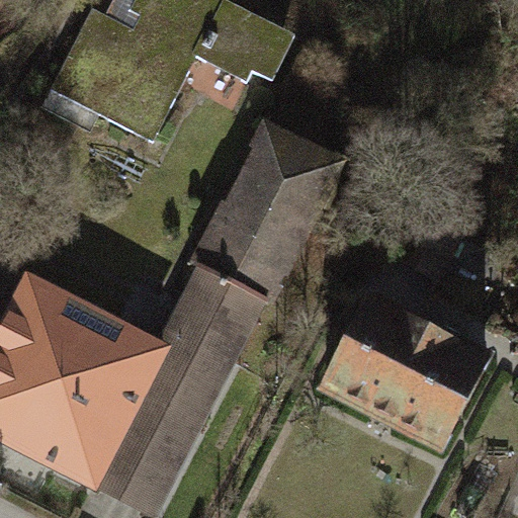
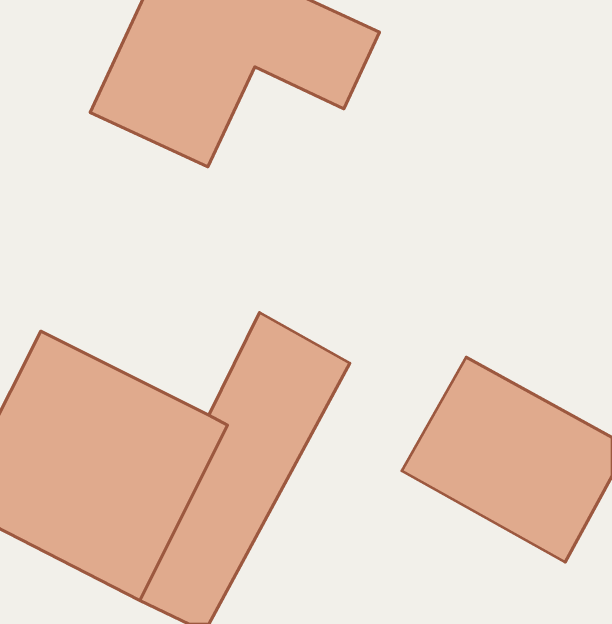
building: [212,125,359,297] -> none

